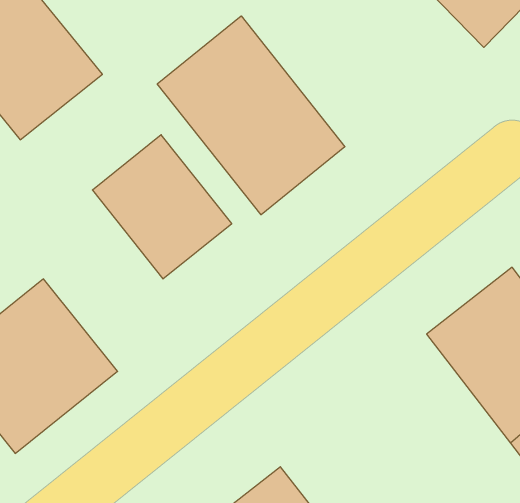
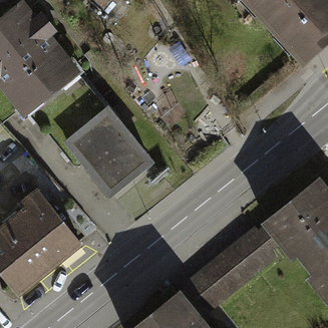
building: [157,16,345,215] -> none
building: none -> [188,227,276,307]

